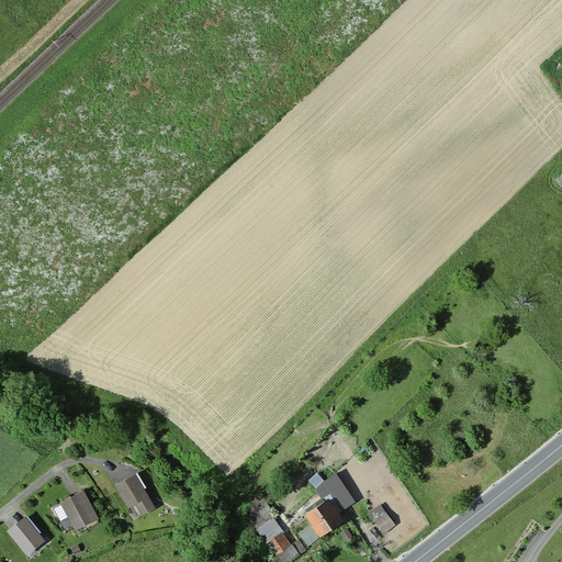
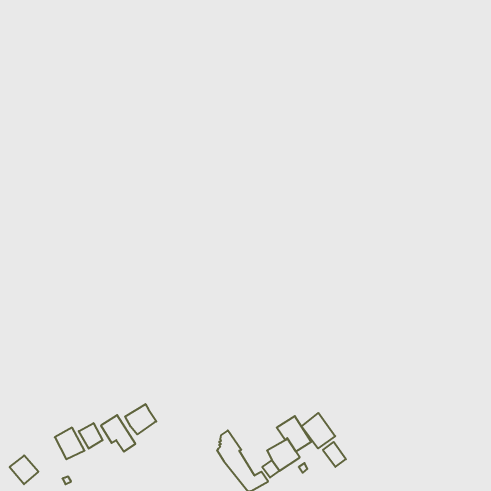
building: none -> [125,404,156,434]
building: none -> [302,413,335,448]
building: none -> [79,423,103,449]

